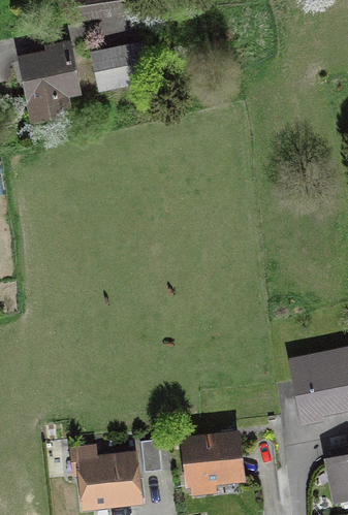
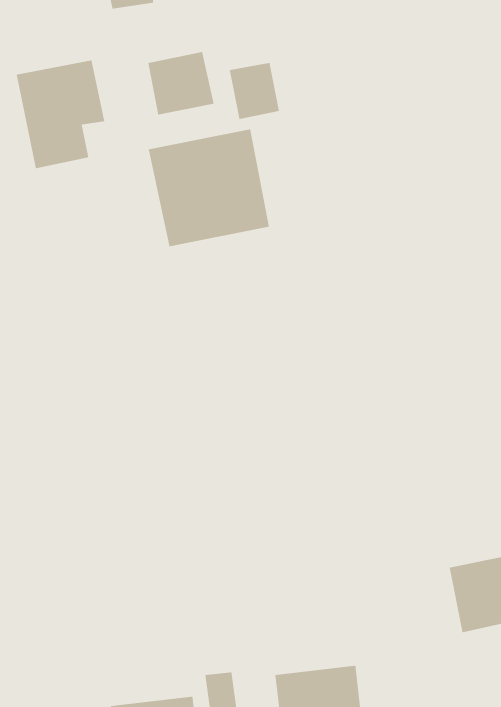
building: none -> [229,62,280,120]
building: none -> [148,128,270,247]

